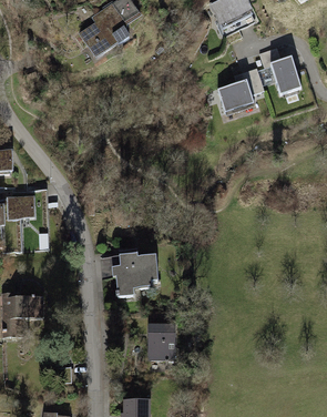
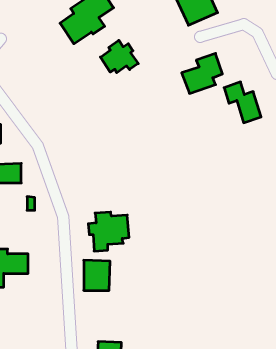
building: [259,47,302,93] -> [224,82,261,123]
building: none -> [100,40,138,73]
building: [146,322,176,356] -> [84,260,110,290]

